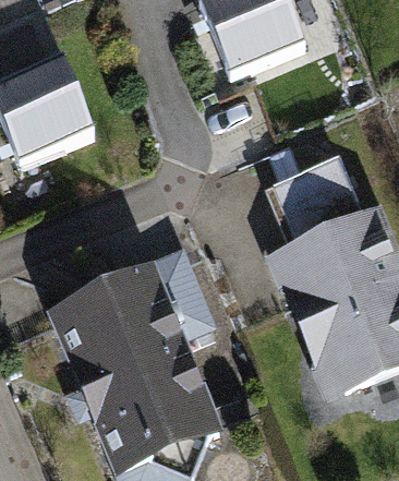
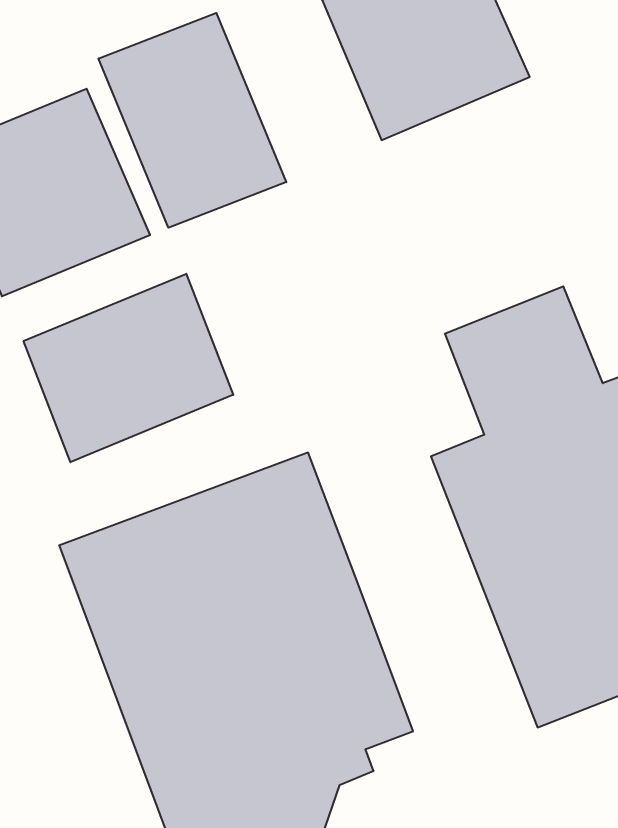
building: none -> [99,13,286,228]
building: none -> [24,274,233,462]

